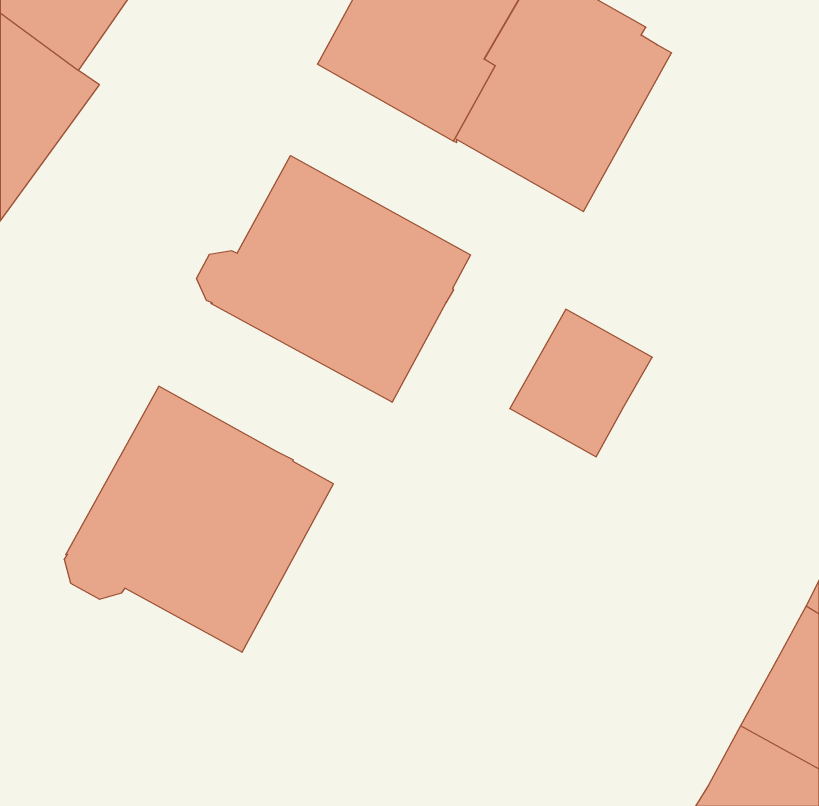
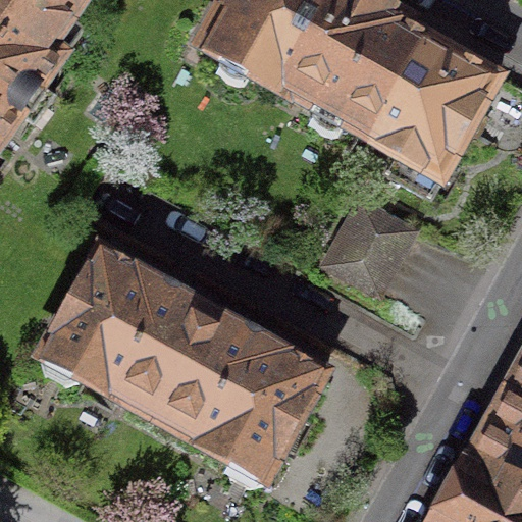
building: none -> [371,34,499,195]
building: [196,156,471,402] -> none
building: none -> [154,308,325,483]

